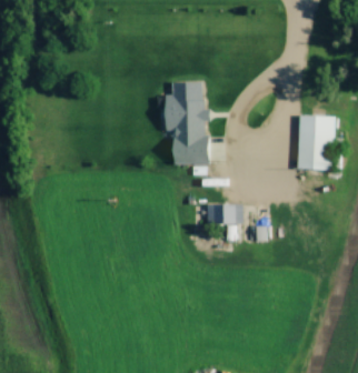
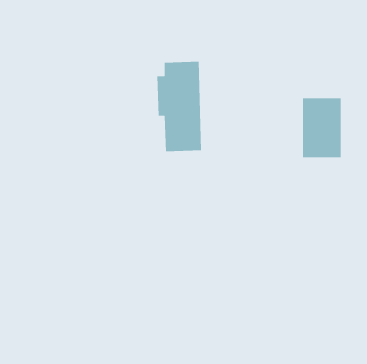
building: [208,205,241,225] -> none

